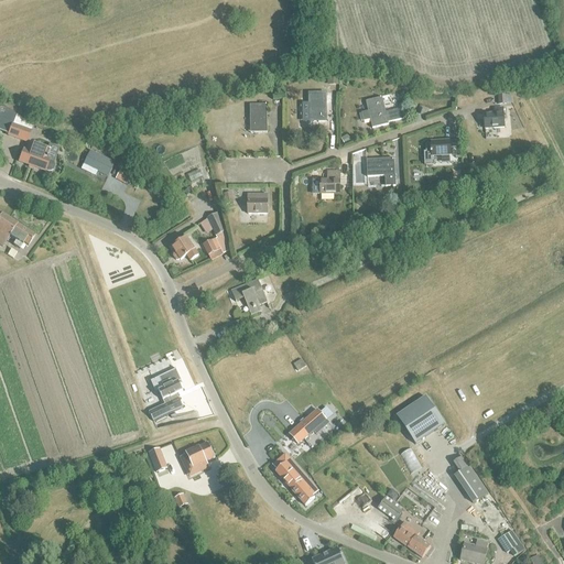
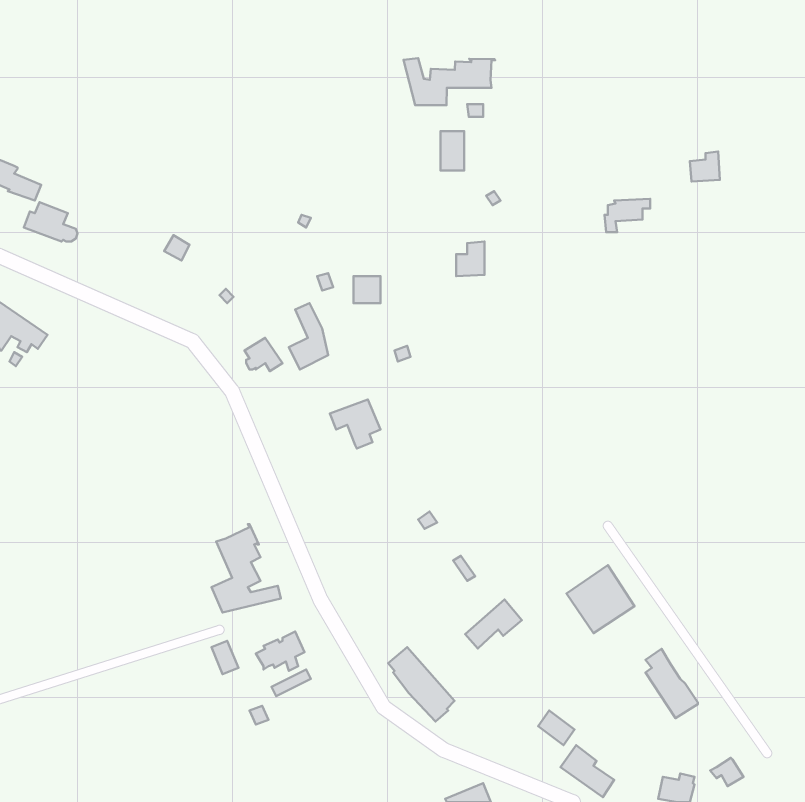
building: none -> [404,58,495,105]
building: [360,95,402,127] -> none
building: [249,104,265,131] -> none
building: [80,149,113,174] -> none
building: [365,156,394,184] -> none
building: [289,408,328,442] -> [465,600,522,648]

